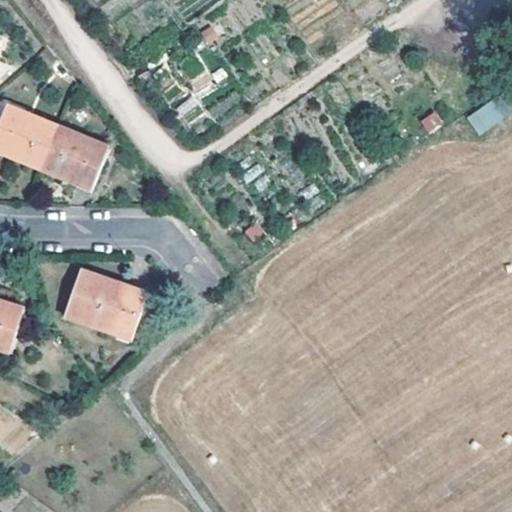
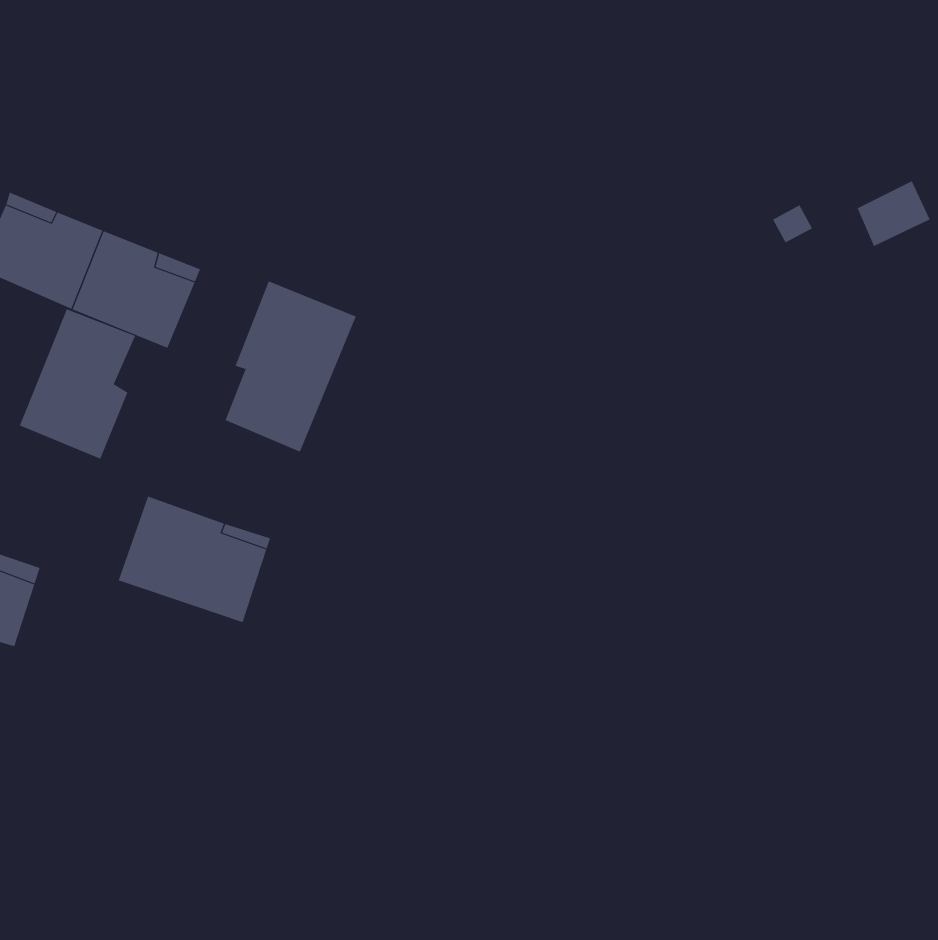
building: none -> [225,281,357,453]
building: none -> [19,309,136,460]

